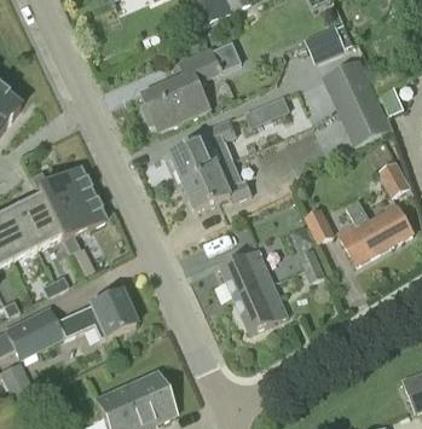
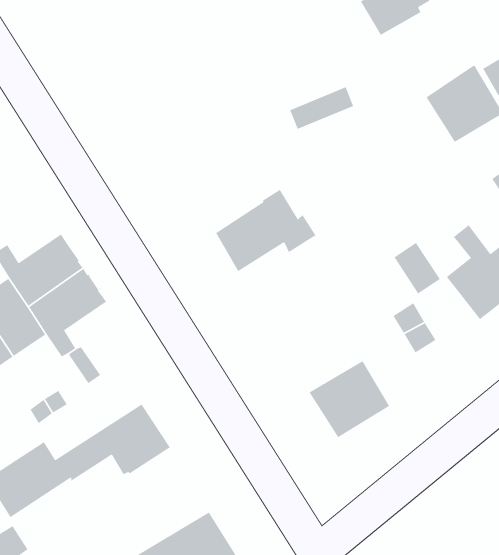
building: [143,41,242,128] -> none
building: [325,56,377,108] -> none
building: [172,116,238,181] -> none
building: [220,248,274,298] -> none

